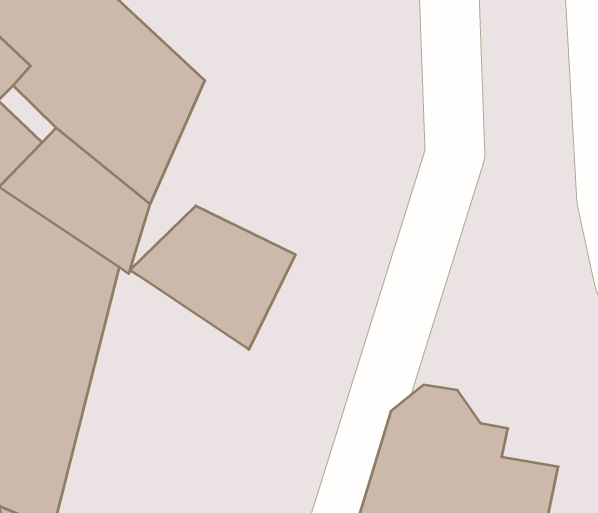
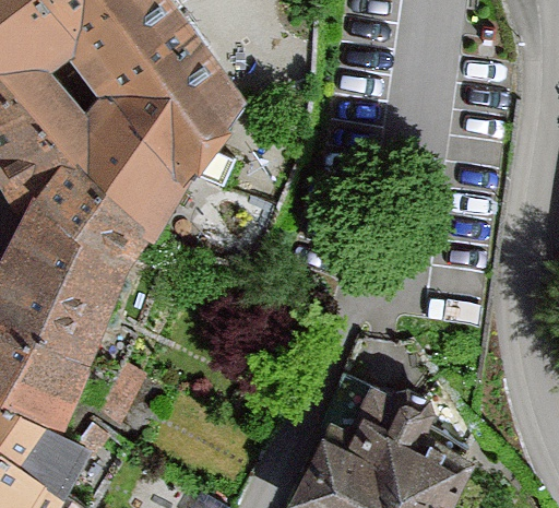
building: [130,206,295,350] -> none

